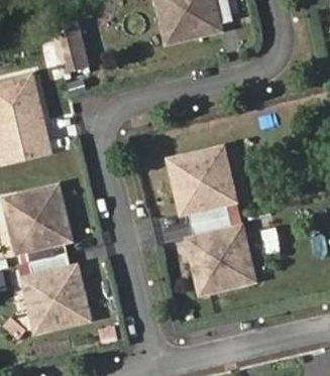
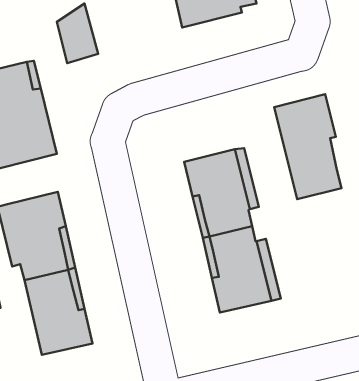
building: none -> [274,94,341,199]

